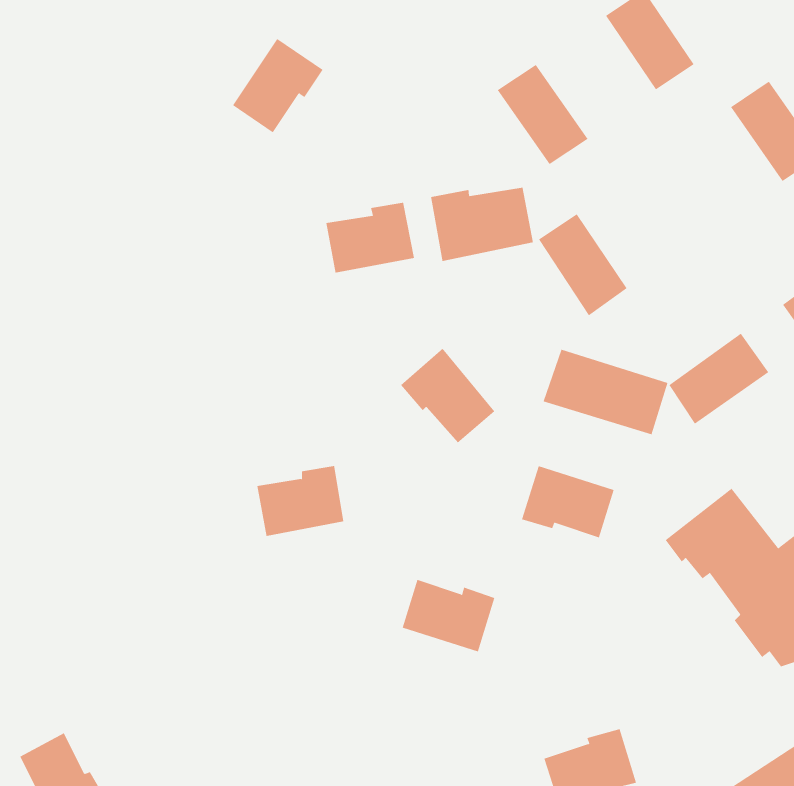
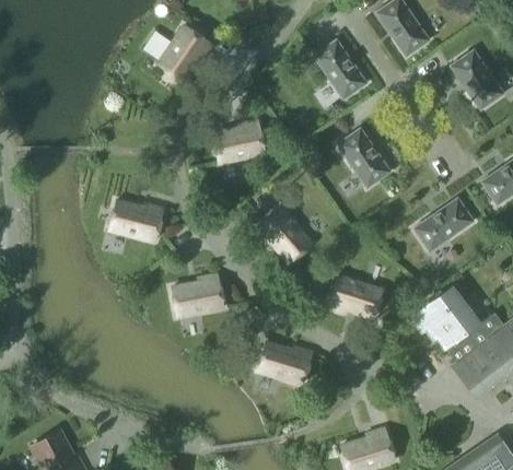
building: [430,187,534,262] -> none
building: none -> [109,201,164,242]
building: [543,349,668,435] -> none

